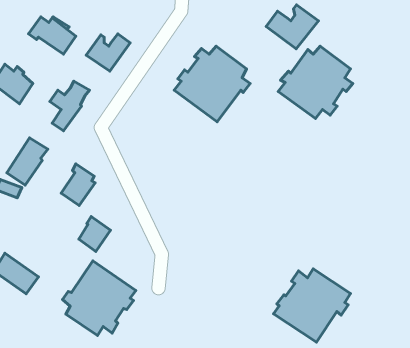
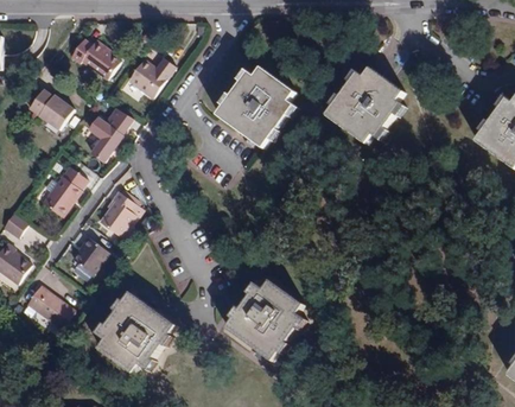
building: [266,5,318,49] -> none
building: [79,217,110,252] -> [72,237,106,274]
building: [274,269,350,342] -> [228,279,309,356]

